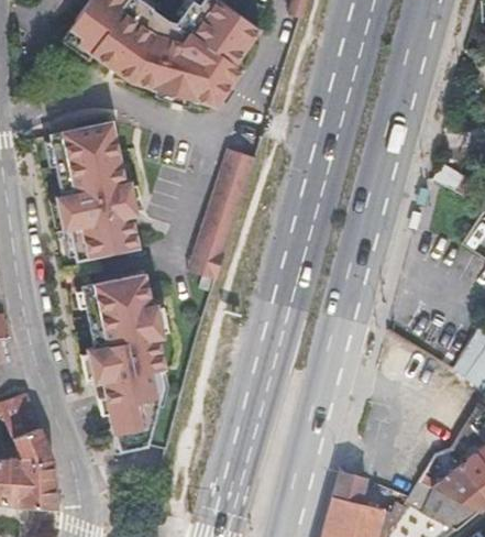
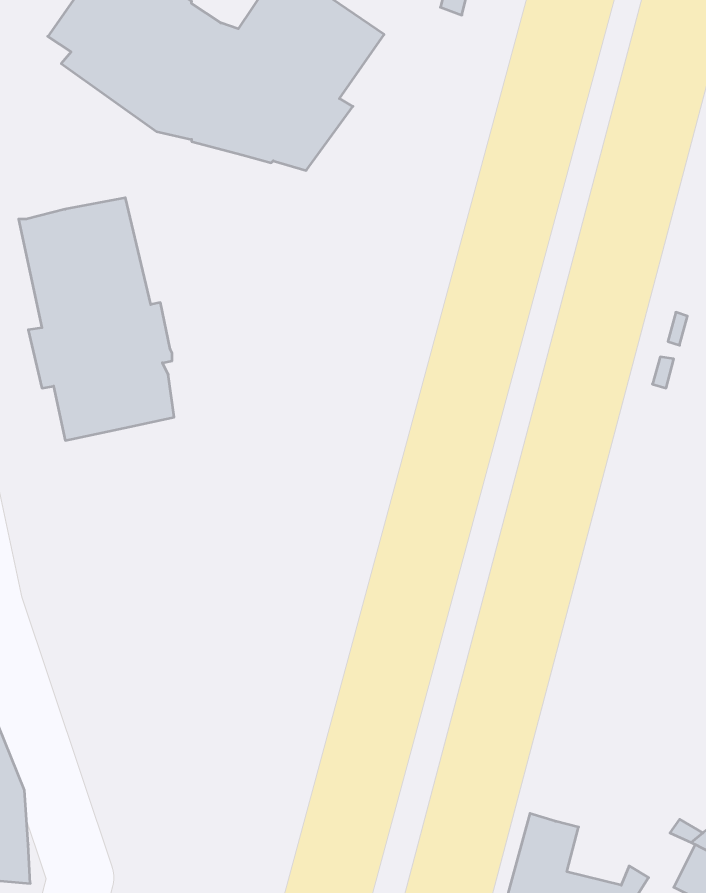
building: [191,149,255,280] -> none
building: [82,273,165,449] -> none

